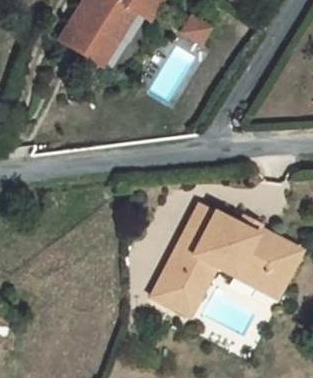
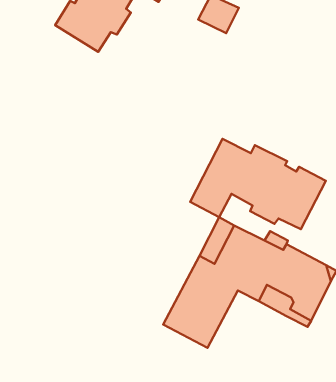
building: none -> [190,139,326,229]

